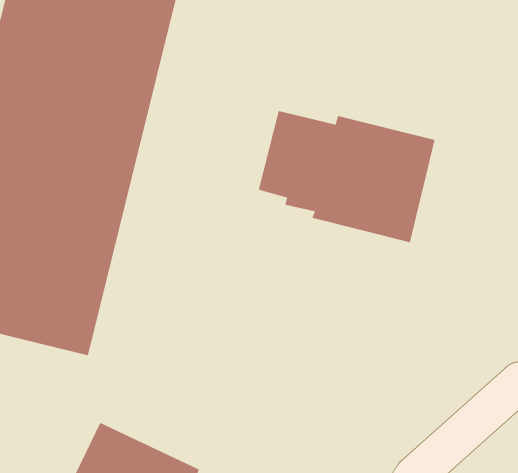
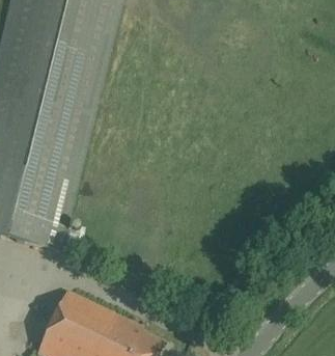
building: [258,110,435,243] -> none

